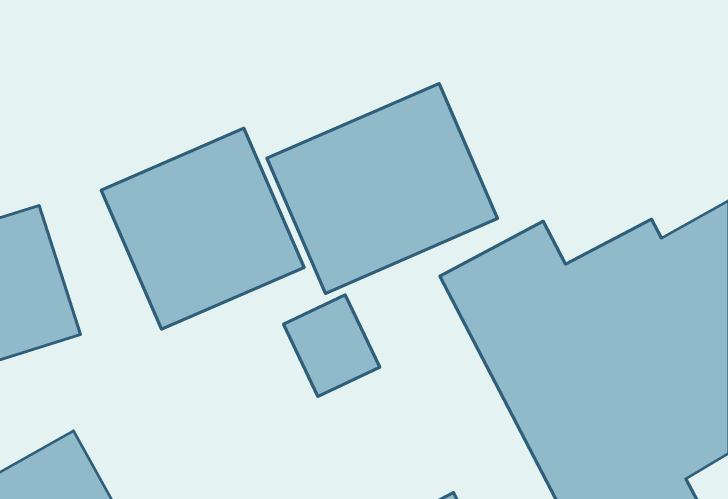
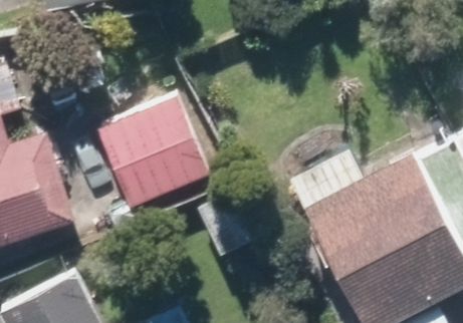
building: [267,83,498,293] -> none

